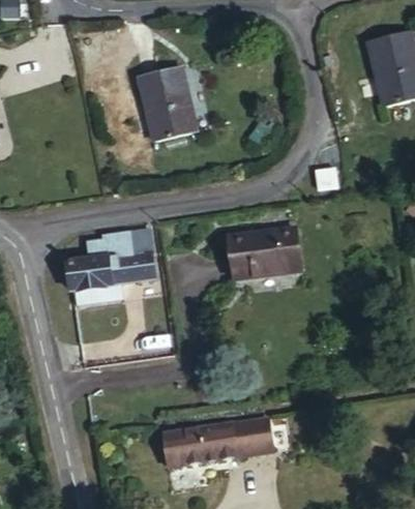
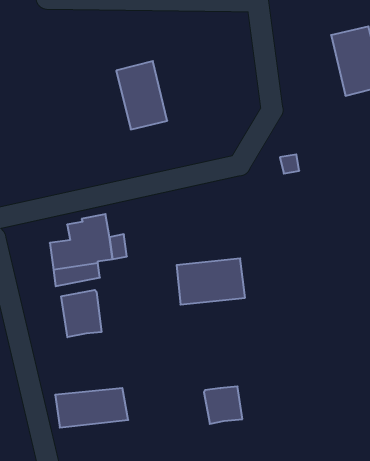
building: [237,224,310,274] -> [177,258,245,305]
building: none -> [61,290,101,337]
building: [161,423,240,466] -> [55,388,128,428]

